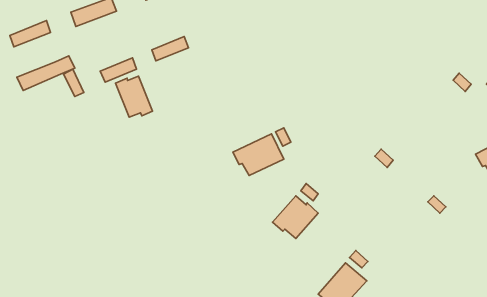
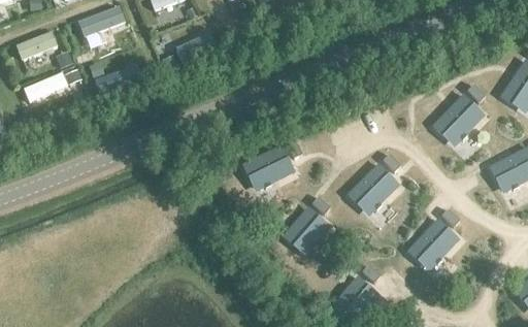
building: [115,76,153,117] -> none
building: none -> [433,95,484,143]
building: none -> [349,165,399,212]
building: none -> [408,220,459,268]

